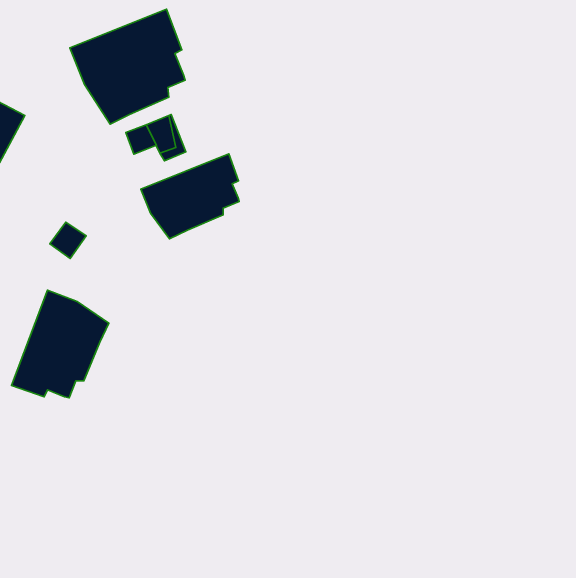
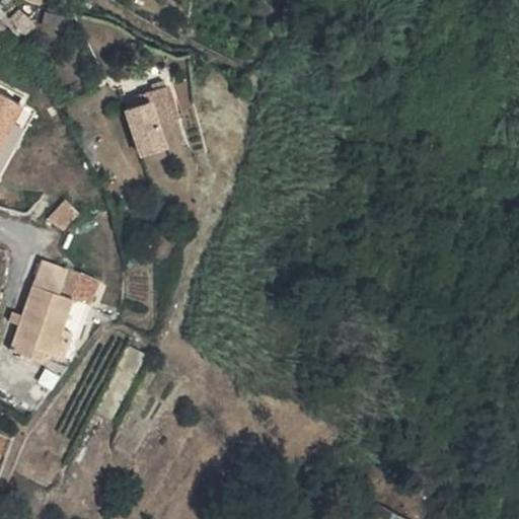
building: [70,9,185,124] -> none
building: [141,154,239,239] -> none

